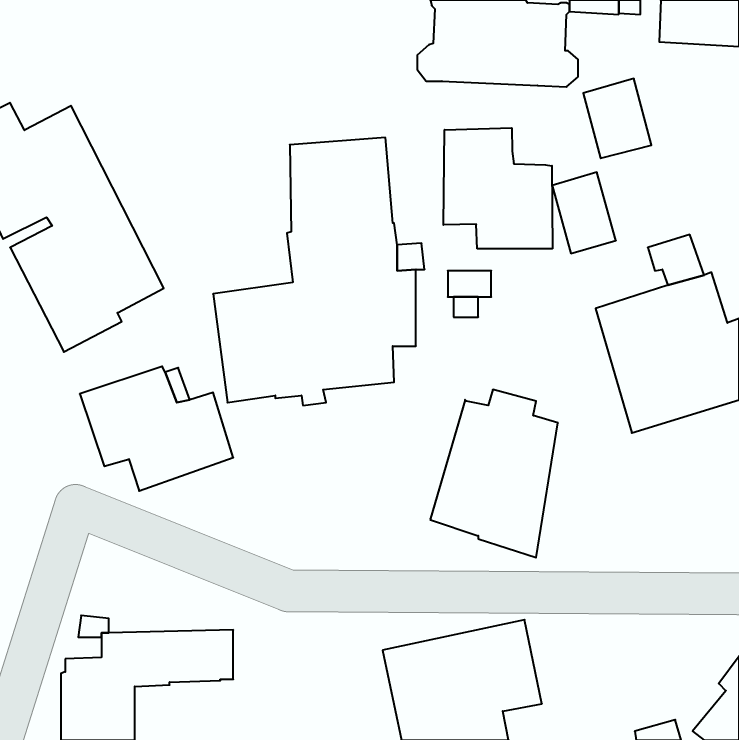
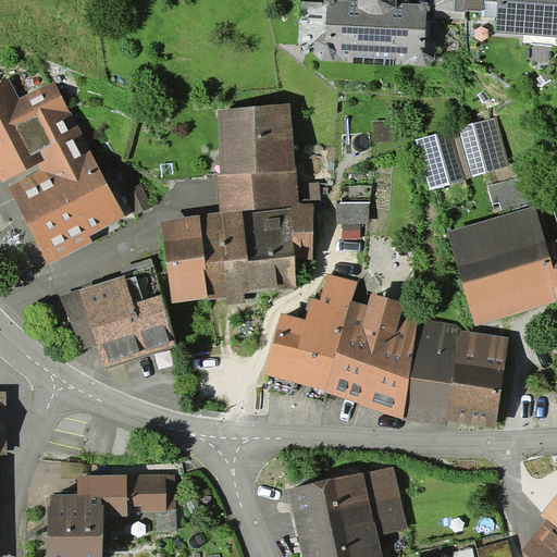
building: [583,79,651,158] -> [458,116,509,176]
building: [443,128,552,249] -> none
building: none -> [264,273,356,389]
building: none -> [403,318,508,428]

